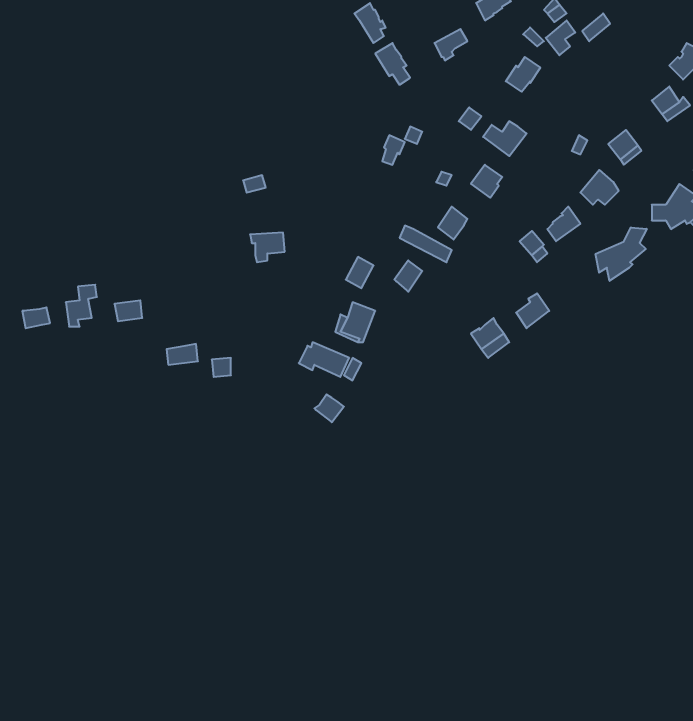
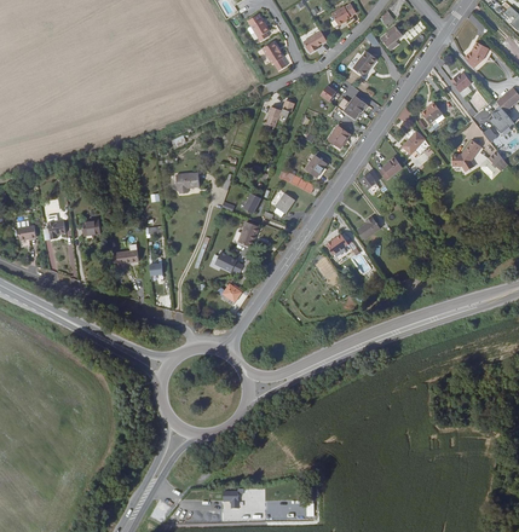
building: [596,227,647,281] -> none

